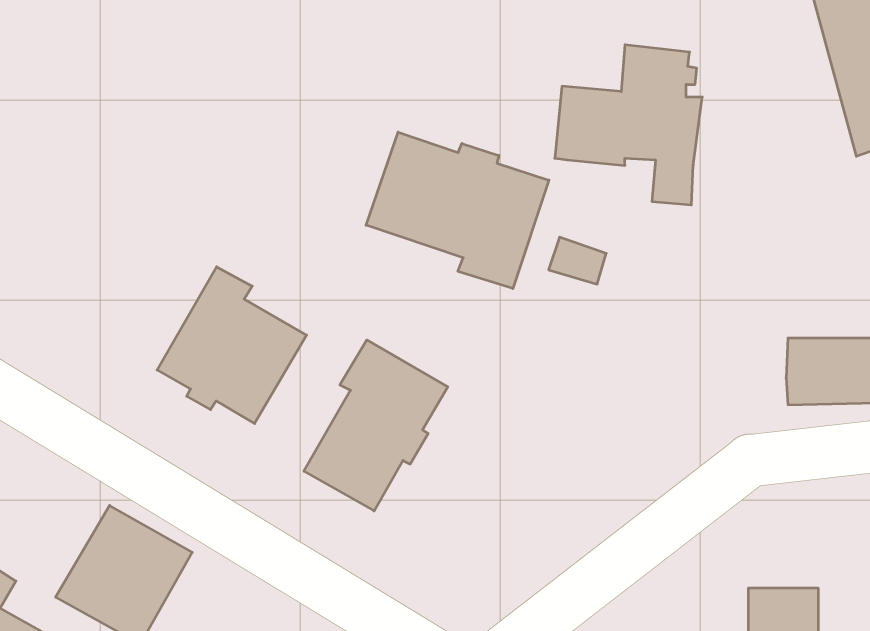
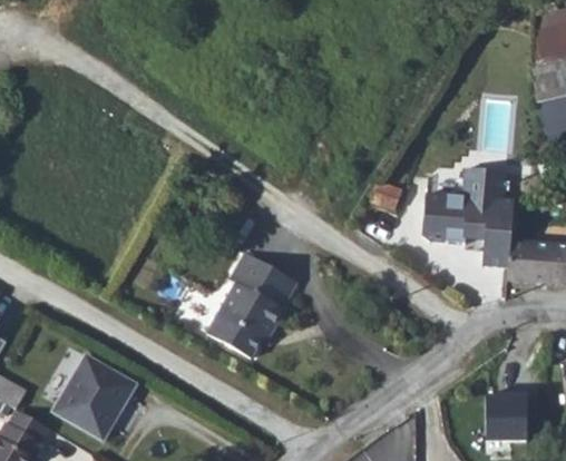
building: [555,45,702,205] -> [422,170,514,269]
building: [366,132,549,289] -> none
building: [157,267,307,424] -> none

